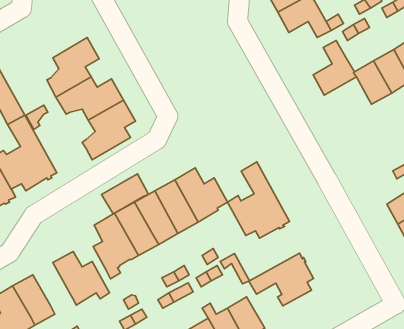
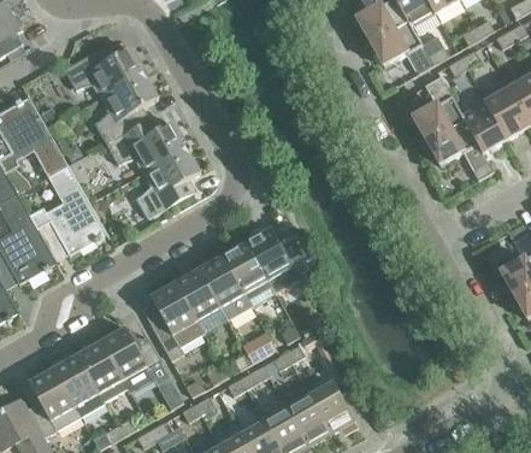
building: none -> [63,45,142,96]
building: none -> [425,119,492,180]
building: [227,162,289,238] -> none
building: [102,174,148,214] -> none
building: [249,253,314,306] -> none
building: none -> [77,341,126,400]

